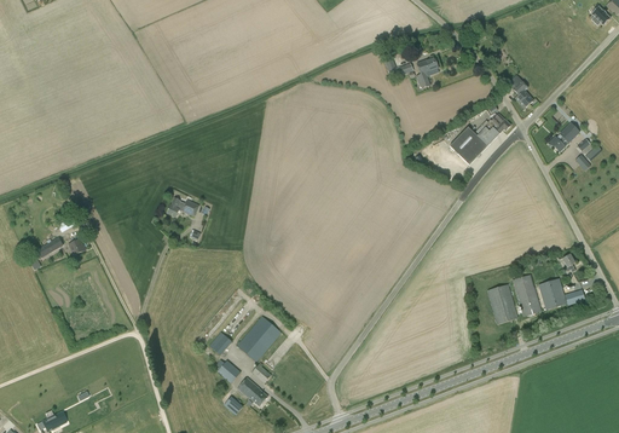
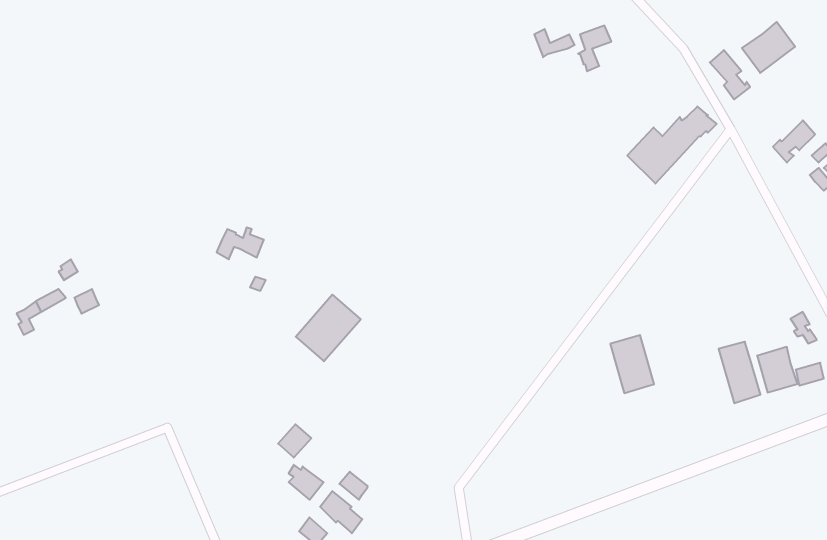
building: none -> [742,22,795,73]
building: [487,284,517,324] -> [610,335,654,393]
building: [237,316,282,362] -> [296,295,361,361]

